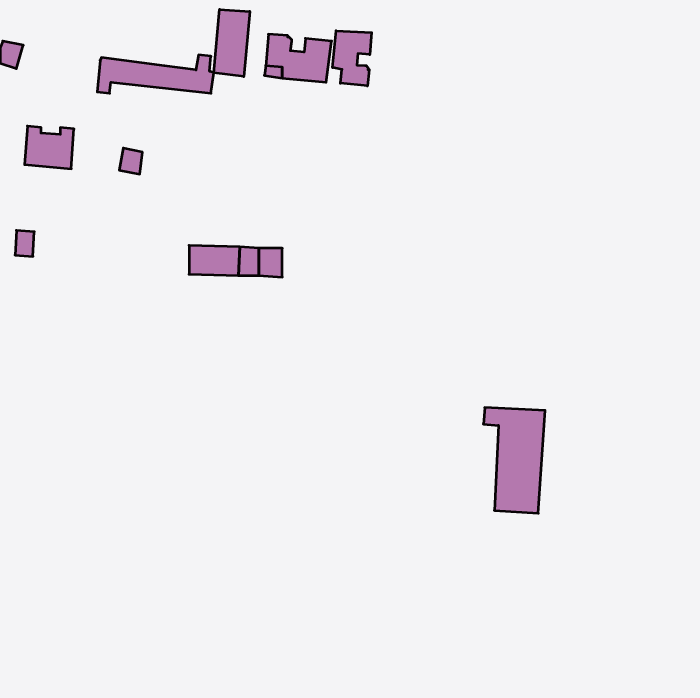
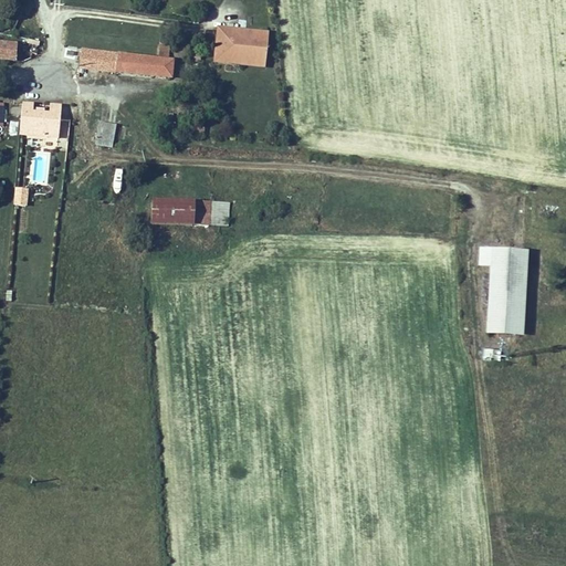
building: [214,9,250,77] -> none
building: [333,31,372,86] -> none
building: [483,408,545,513] -> [480,252,530,337]

